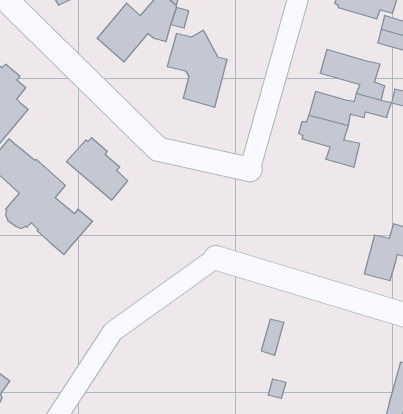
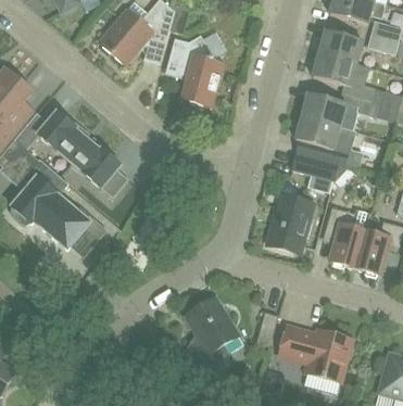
building: none -> [319,29,363,63]
building: none -> [14,111,89,160]
building: none -> [292,152,338,180]
building: none -> [267,195,314,252]
building: none -> [324,205,370,267]
building: none -> [177,296,238,382]
building: none -> [279,325,352,392]

